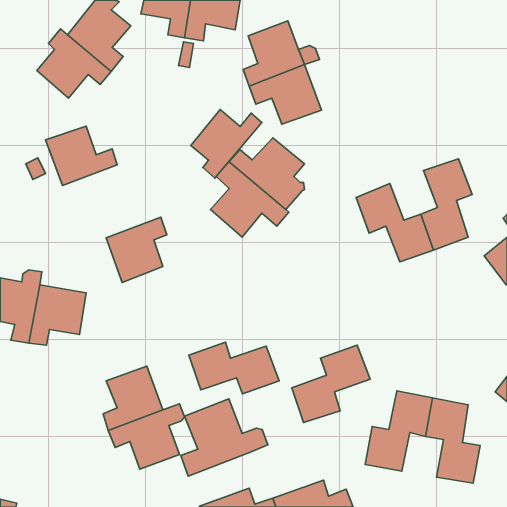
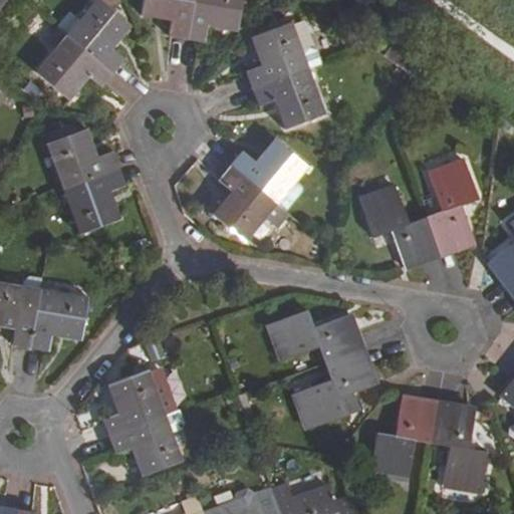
building: [191,109,262,178] -> none
building: [106,217,167,283] -> [63,167,124,233]
building: [189,342,279,394] -> [270,310,361,362]
building: [181,399,268,476] -> none

